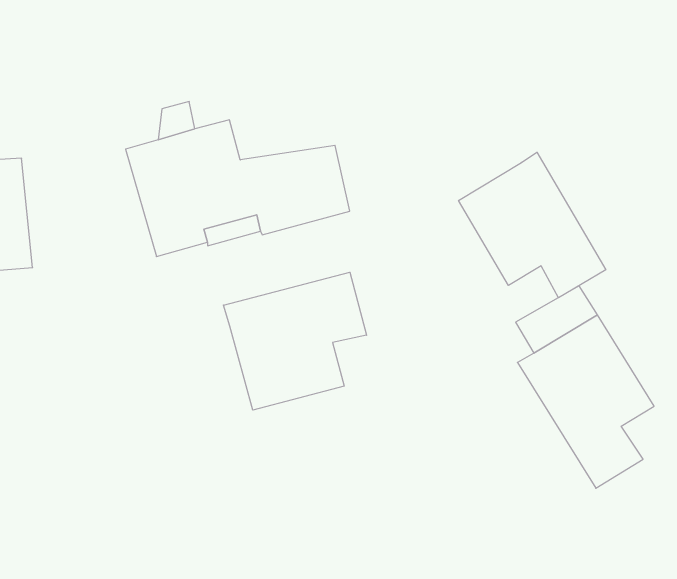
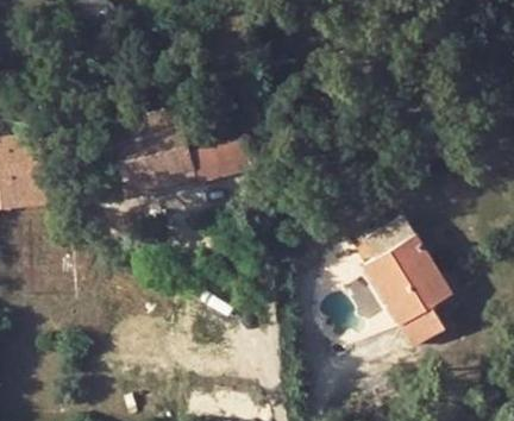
building: [459,152,606,298] -> none
building: [223,272,367,410] -> none

